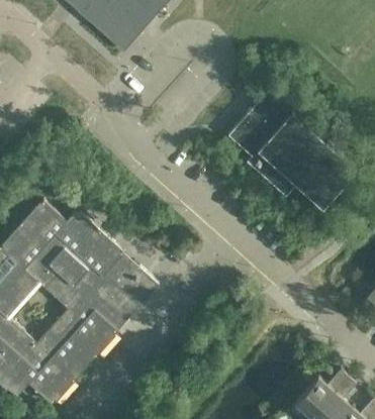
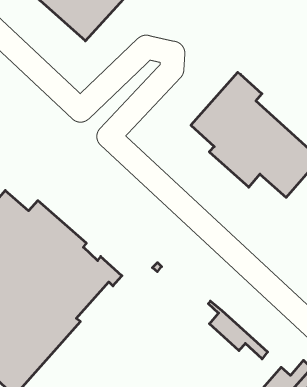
building: none -> [208,301,268,359]

